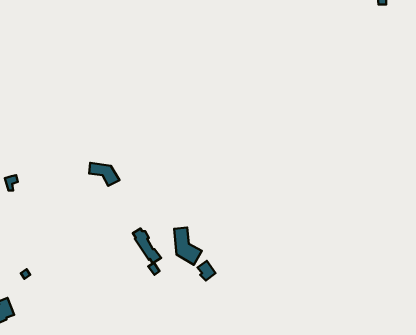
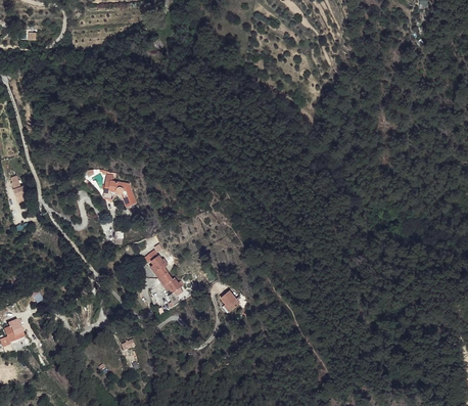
building: [174,227,202,265] -> none

